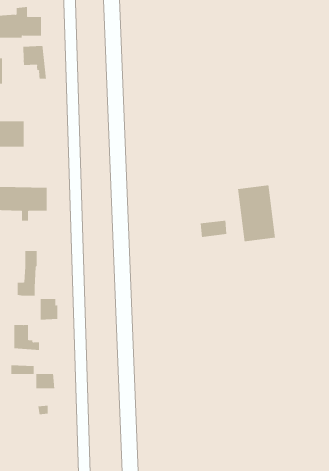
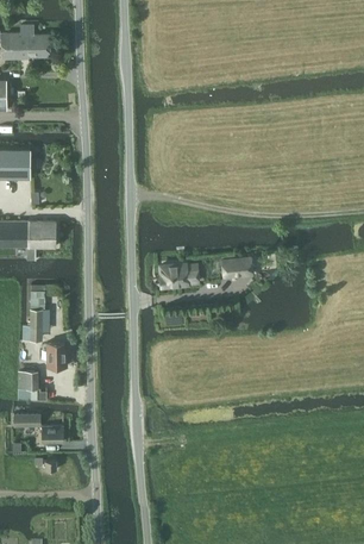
building: [23,45,46,79] -> none
building: [238,185,275,242] -> none
building: none -> [161,263,199,286]

